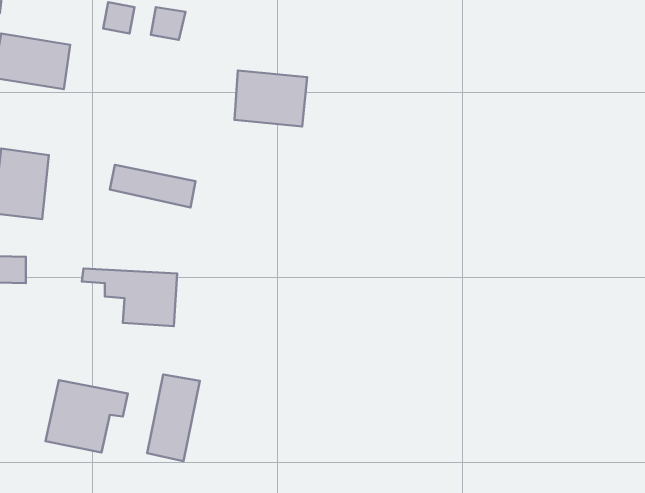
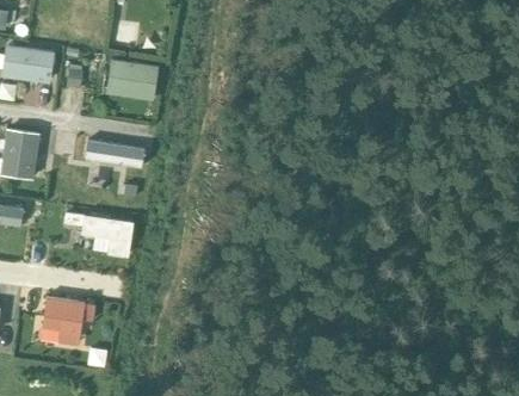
building: [235,70,307,126] -> [106,58,159,99]
building: [147,374,200,461] -> none

